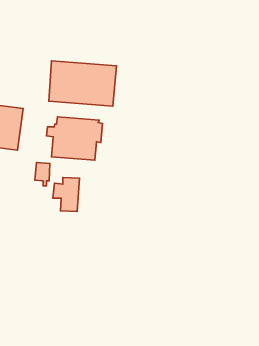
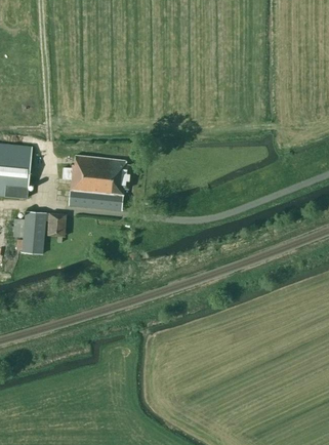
building: [49,61,117,106] -> none
building: [53,177,80,212] -> [12,211,45,253]

